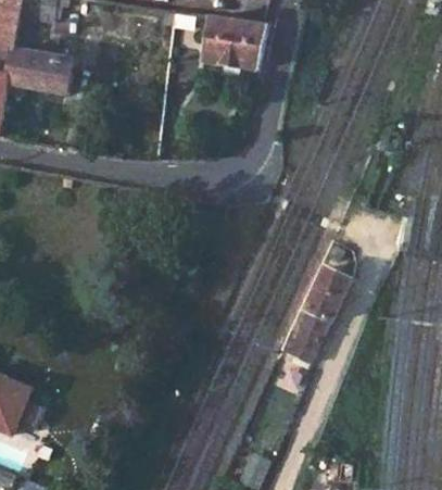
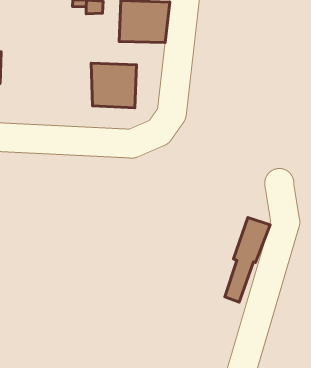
building: none -> [91,63,136,108]

